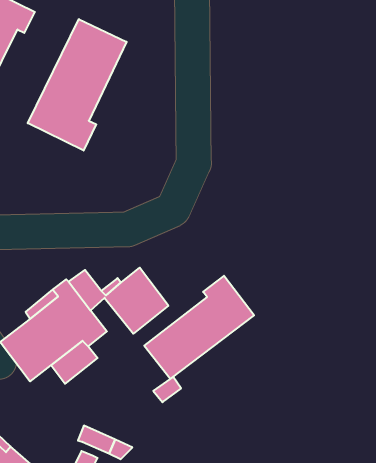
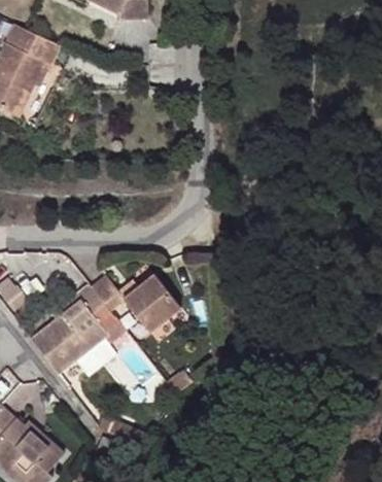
building: [28,19,127,151] -> none
building: [144,276,254,379] -> none

